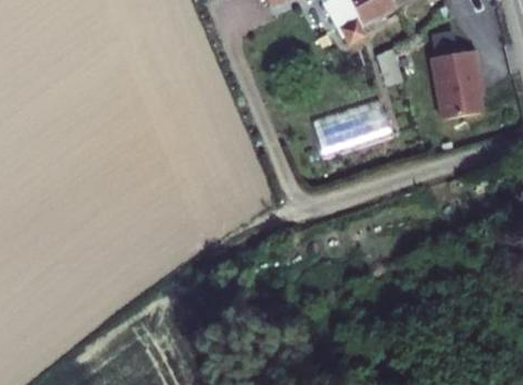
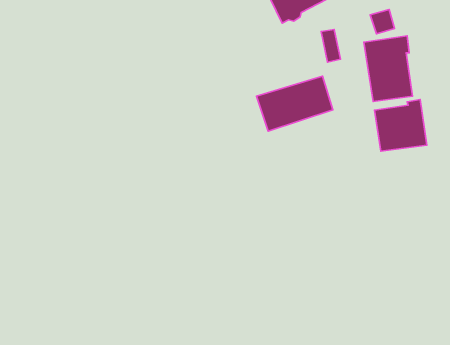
building: none -> [374,100,427,151]

